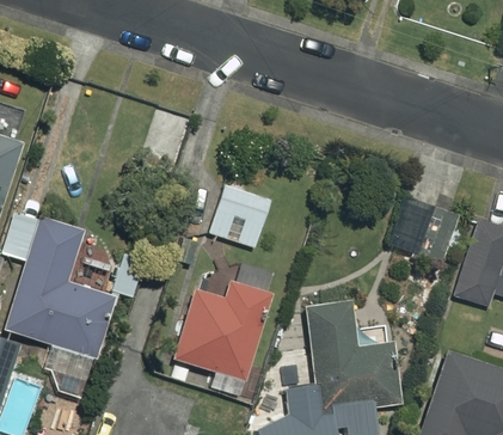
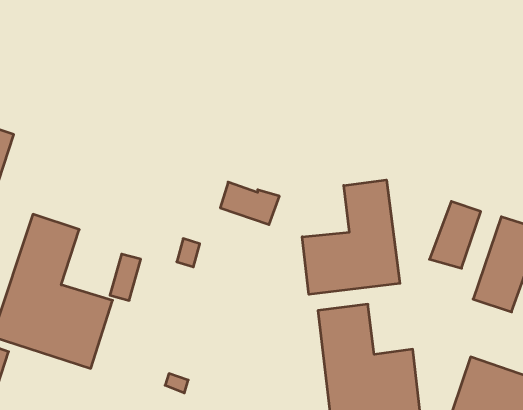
building: none -> [302,180,400,294]
building: [172,281,274,381] -> none

